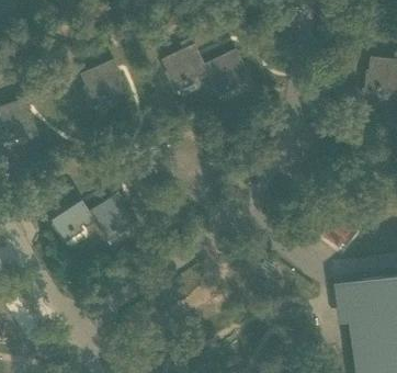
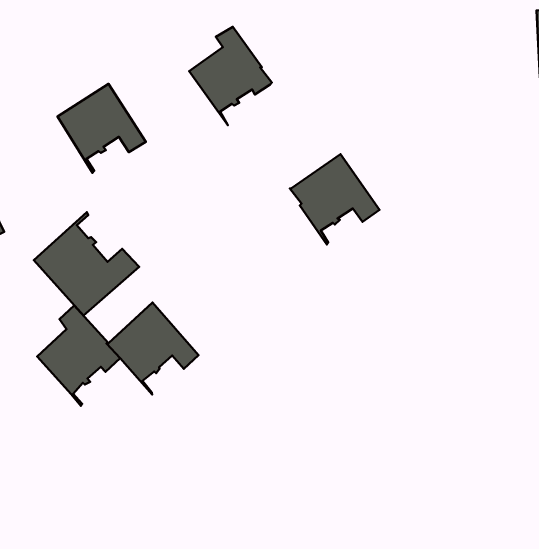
building: [203,49,253,101] -> [290,154,380,245]
building: none -> [34,212,139,316]

